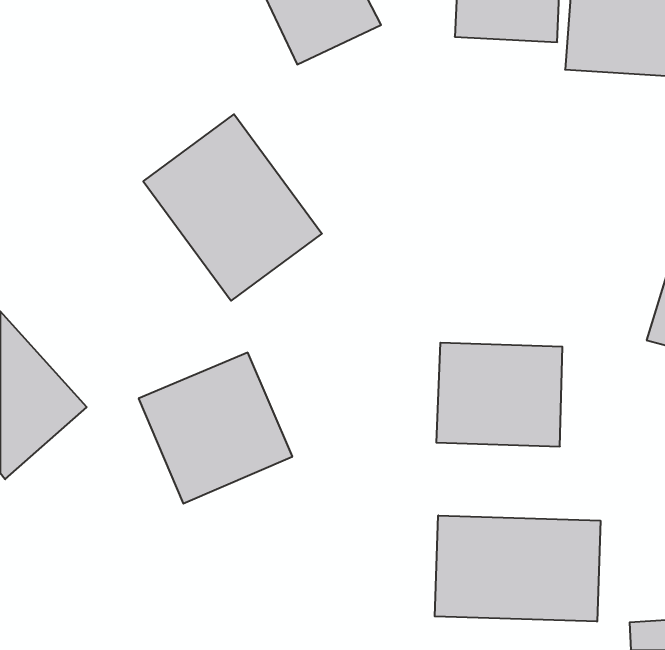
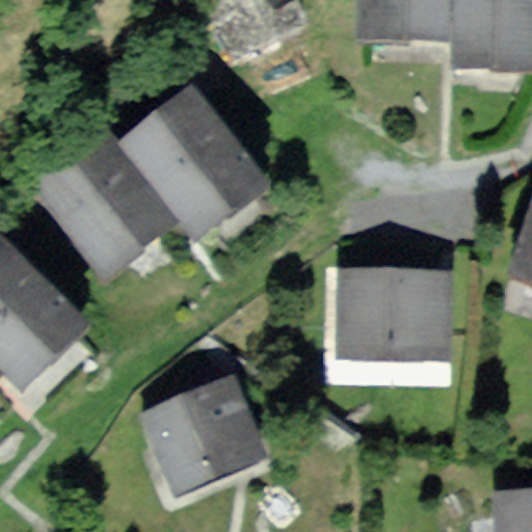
building: none -> [35,131,168,269]
building: [139,353,292,504] -> [145,375,267,495]
building: [435,515,600,622] -> none

